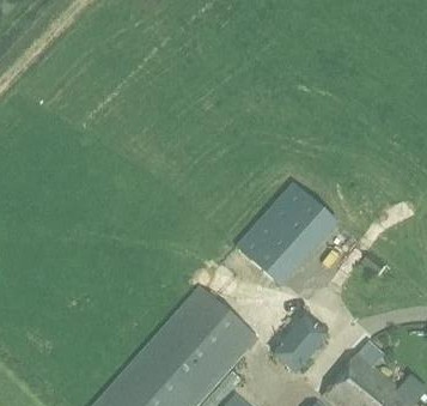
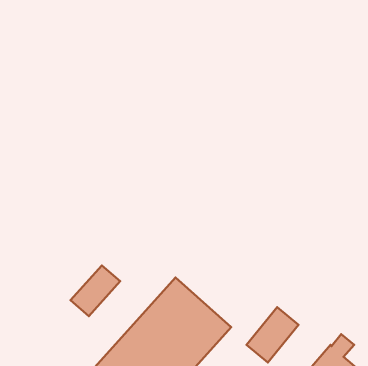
building: [237,182,337,284] -> none
building: none -> [71,265,120,316]

